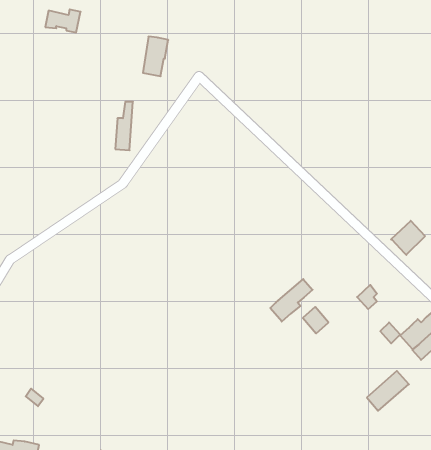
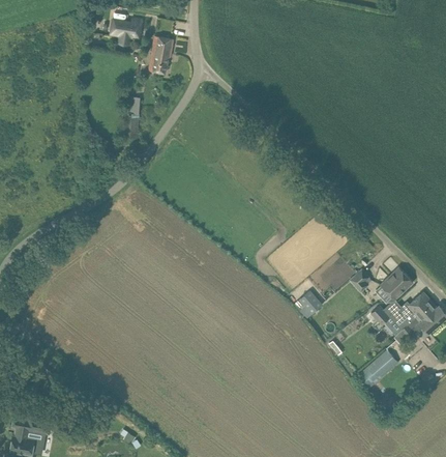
building: [45,9,81,33] -> [110,19,143,40]
building: [391,221,425,255] -> [380,267,412,299]
building: [271,279,313,322] -> none

